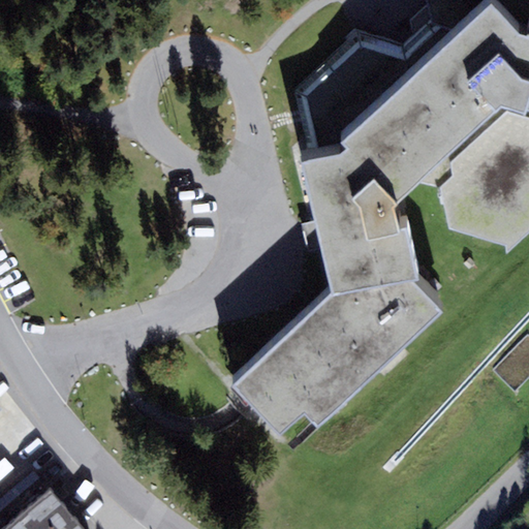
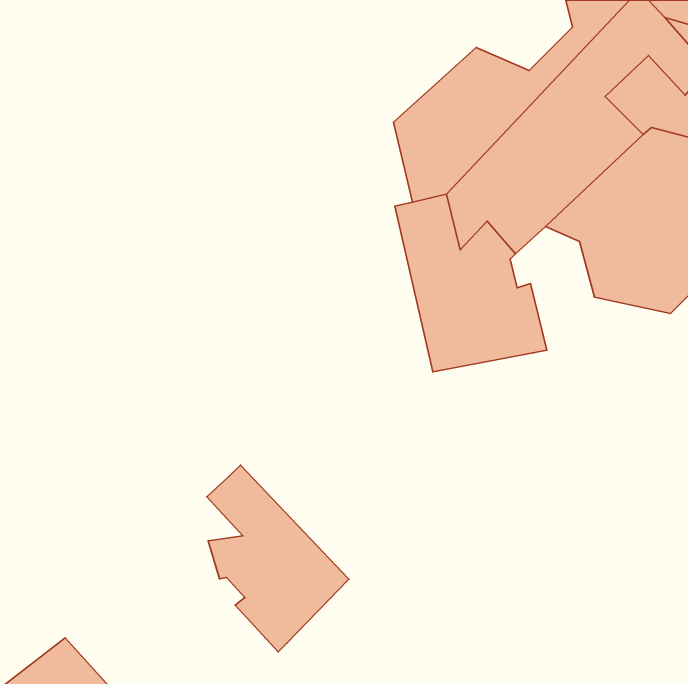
building: [234,276,443,436] -> none
building: none -> [207,465,349,652]

